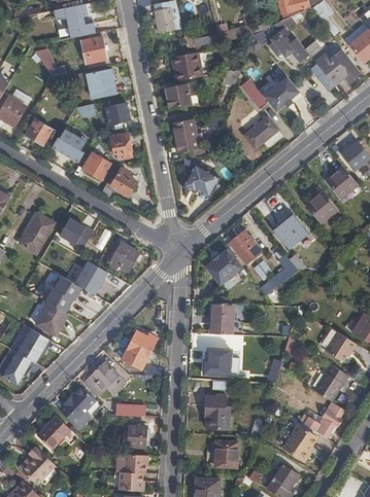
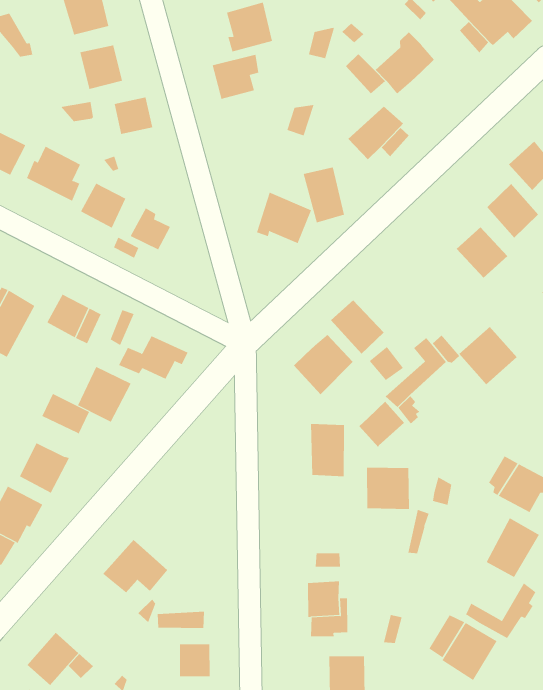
building: [171,117,195,150] -> [303,167,345,223]
building: [110,133,134,164] -> none
building: [272,214,307,249] -> [458,326,518,385]
building: [44,287,73,313] -> none
building: none -> [359,401,405,448]
building: [121,333,156,372] -> none
building: [207,347,234,374] -> [366,467,410,510]
building: [58,388,95,429] -> none

